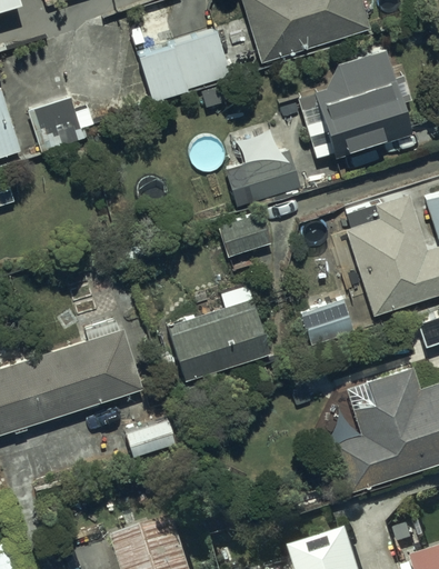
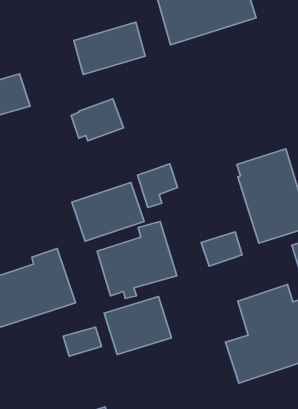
building: [307,47,413,158] -> none
building: [232,149,299,202] -> [71,99,123,141]
building: none -> [72,183,144,241]
building: none -> [104,296,171,355]

